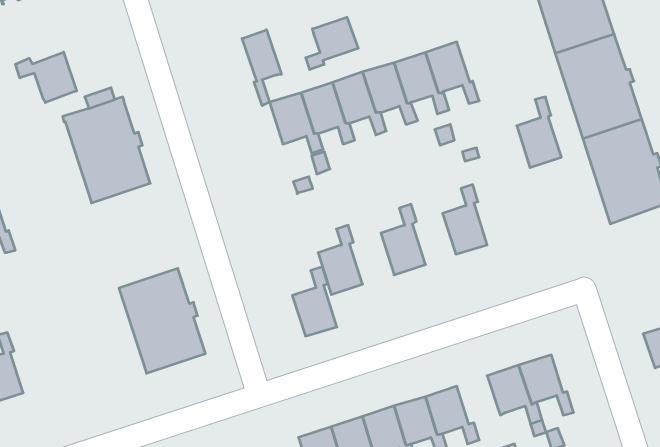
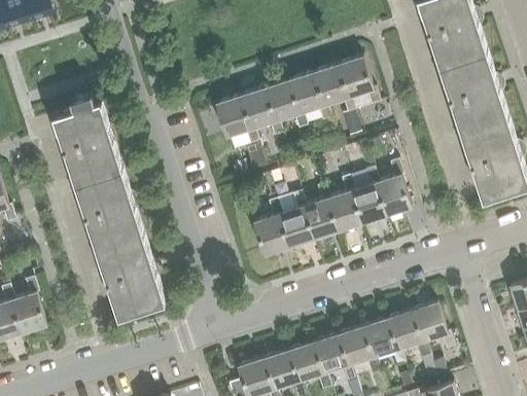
building: [306,17,358,70] -> none
building: [242,30,281,106] -> none
building: [16,52,77,103] -> none
building: [517,97,561,168] -> [374,161,409,217]
building: none -> [73,169,141,251]
building: none -> [325,178,359,232]
building: [292,267,337,336] -> [276,193,311,248]
building: none -> [9,278,44,333]
building: none -> [360,320,402,366]

